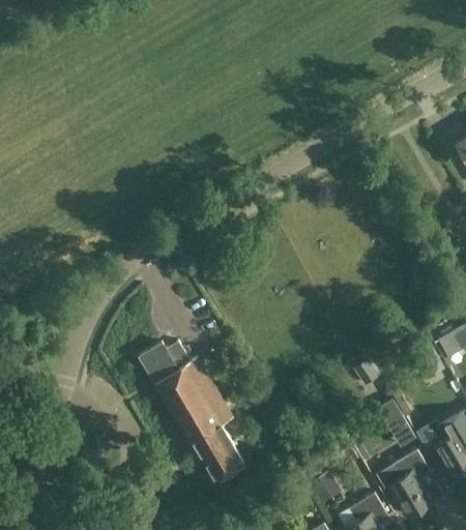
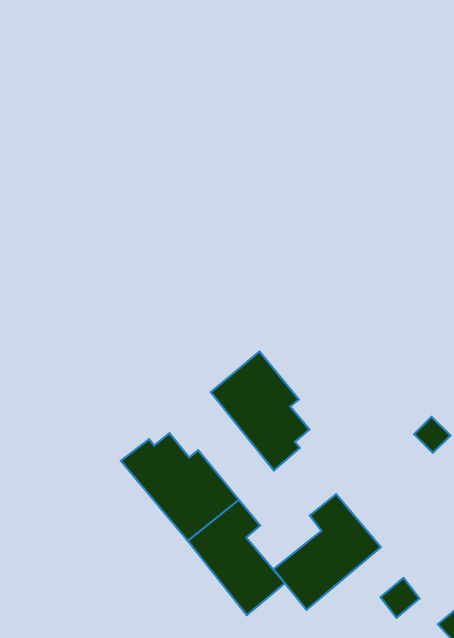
building: none -> [211,352,309,471]
building: none -> [273,494,381,610]

